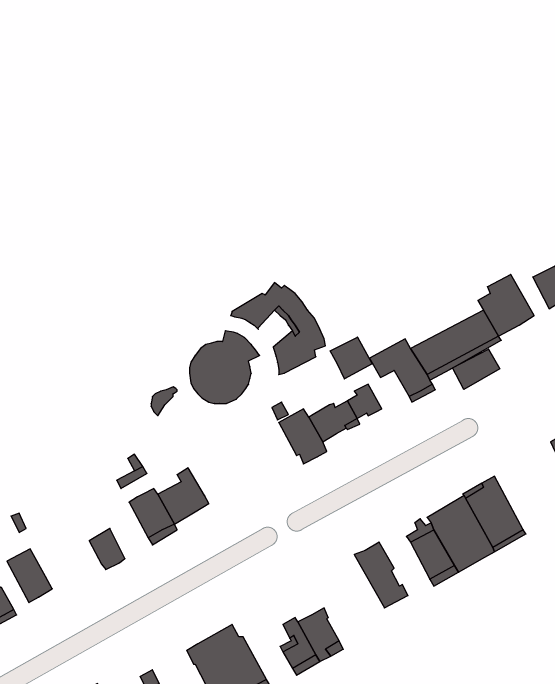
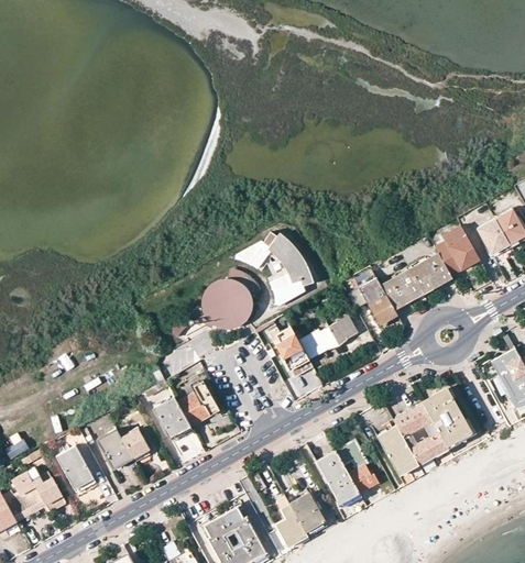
building: [330,337,372,379] -> none
building: [452,349,500,389] -> none
building: none -> [97,428,132,467]
building: none -> [316,450,361,507]

